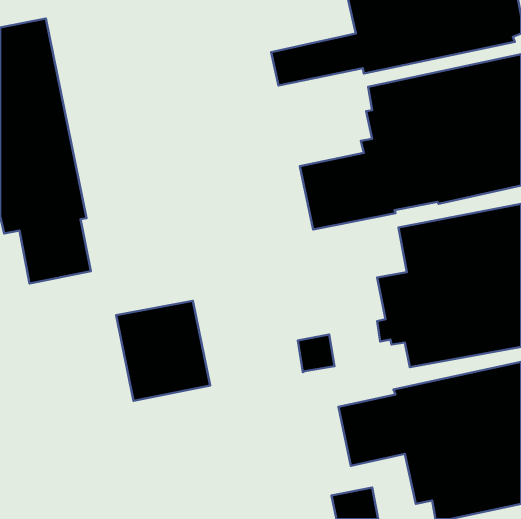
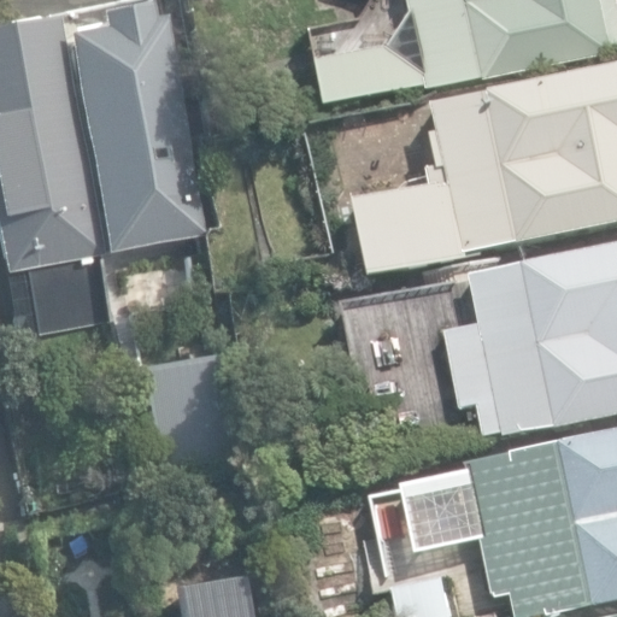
building: none -> [64,8,204,255]

